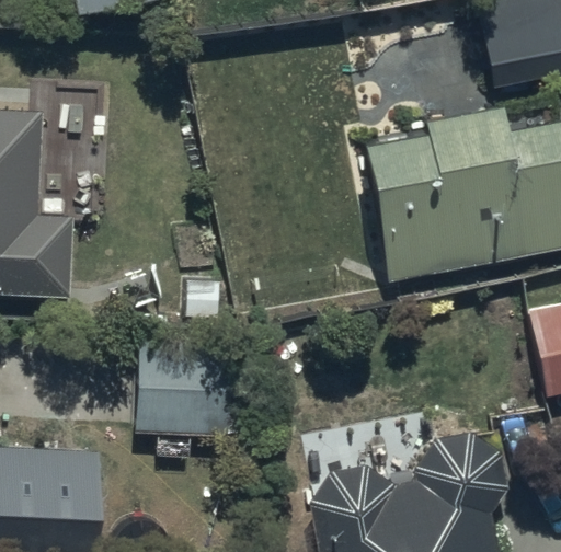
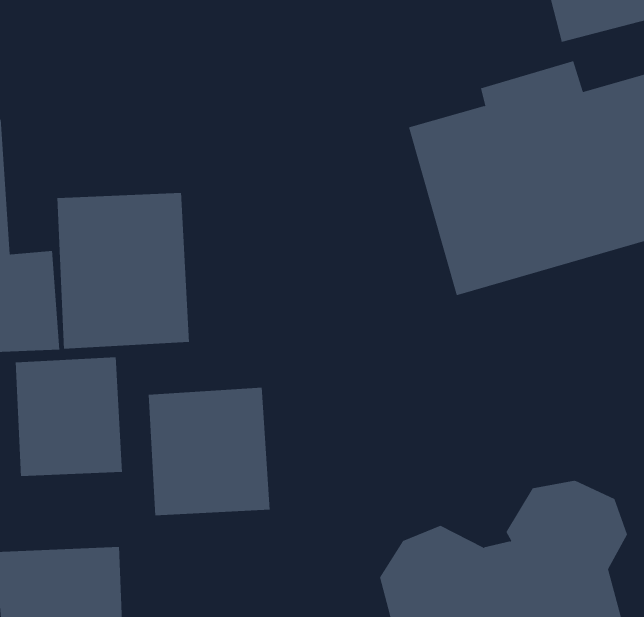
building: none -> [57,192,190,350]
building: none -> [15,356,123,477]

